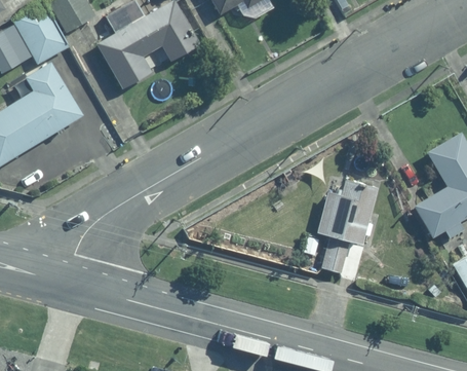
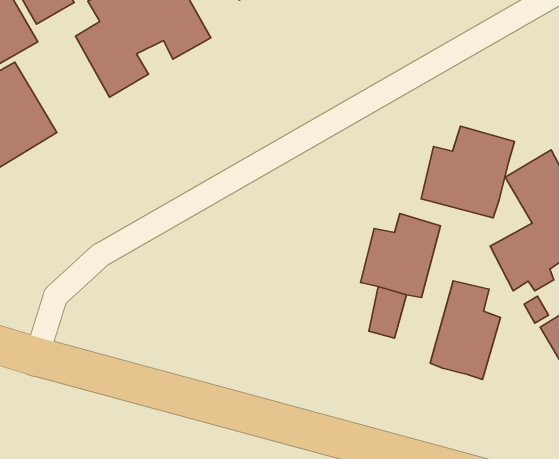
building: none -> [421,126,514,218]
building: none -> [430,281,500,379]

